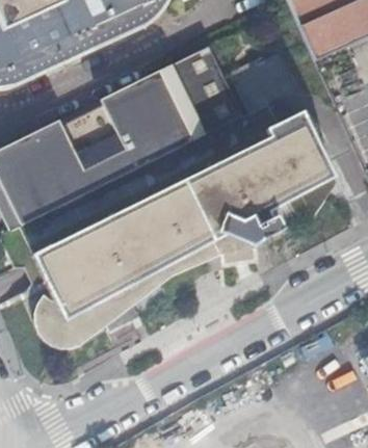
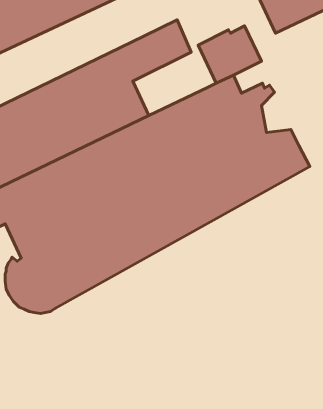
building: [164,78,242,143] -> none

